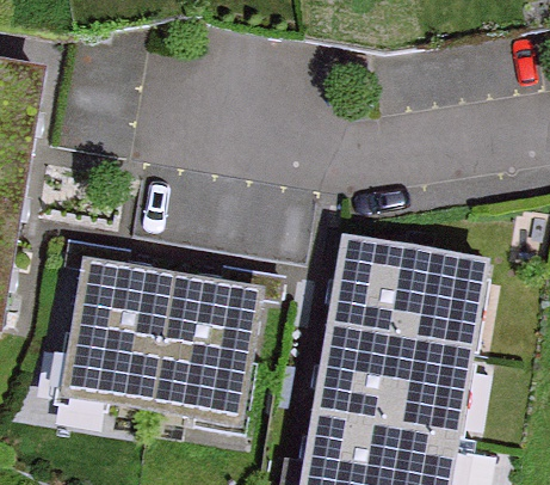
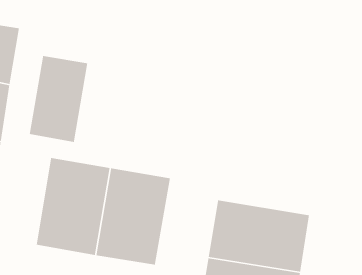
building: none -> [29,55,88,143]
building: [329,240,481,348] -> none

